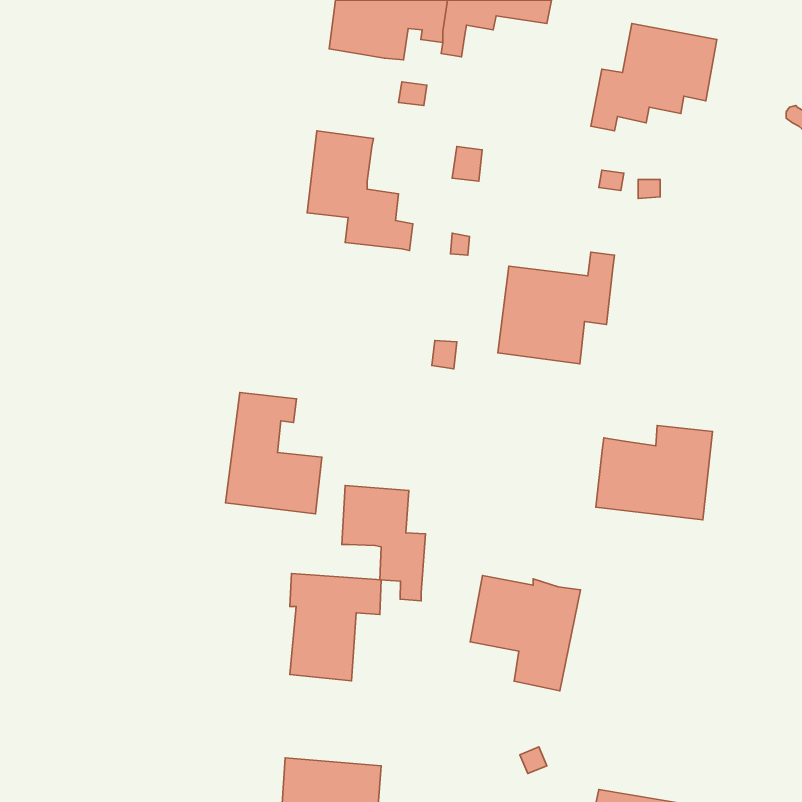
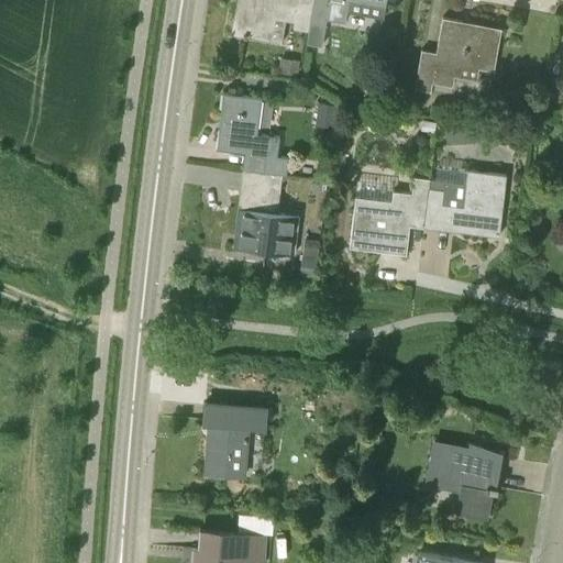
building: [226,393,322,514] -> [233,172,300,256]
building: [596,425,712,520] -> [426,172,507,238]
building: [342,486,426,601] -> none
building: [470,576,580,691] -> [426,440,503,520]

